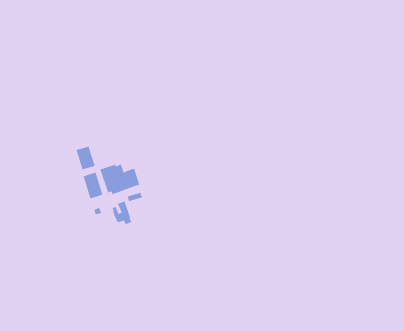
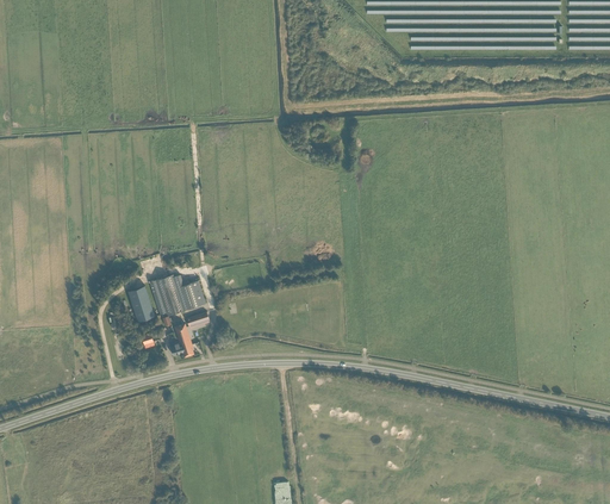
building: [76,146,95,170] -> none

